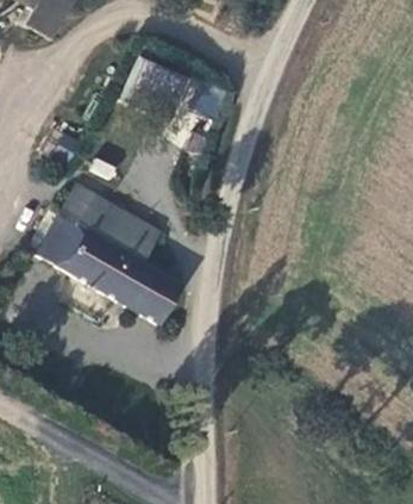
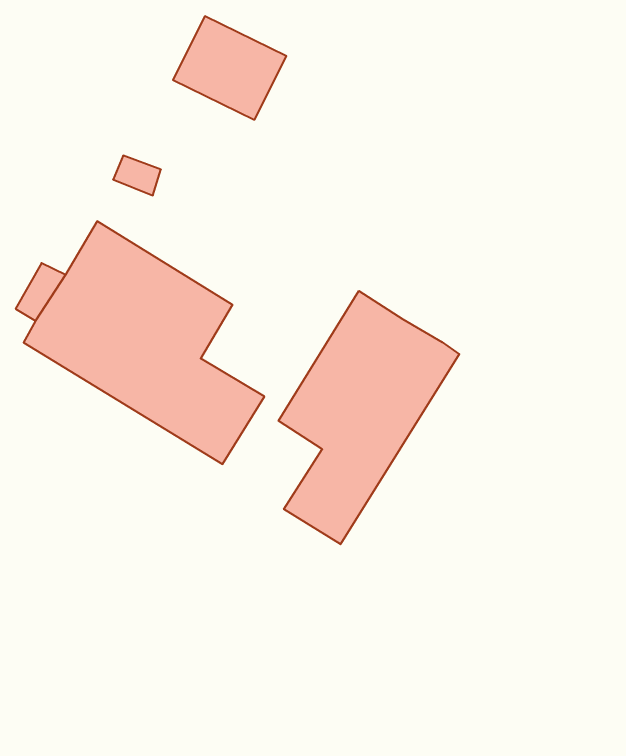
building: none -> [279,291,459,544]

